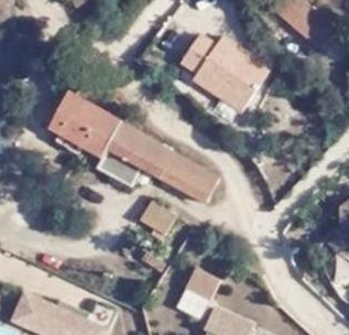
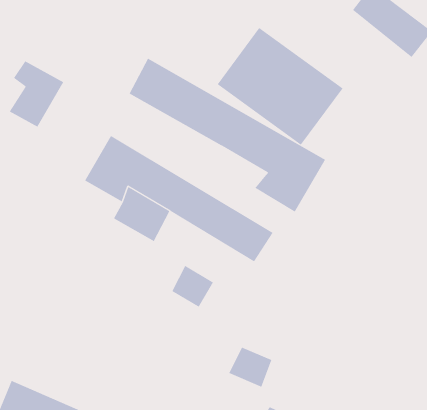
building: none -> [129,58,326,212]
building: [50,88,91,139] -> [9,60,64,127]

